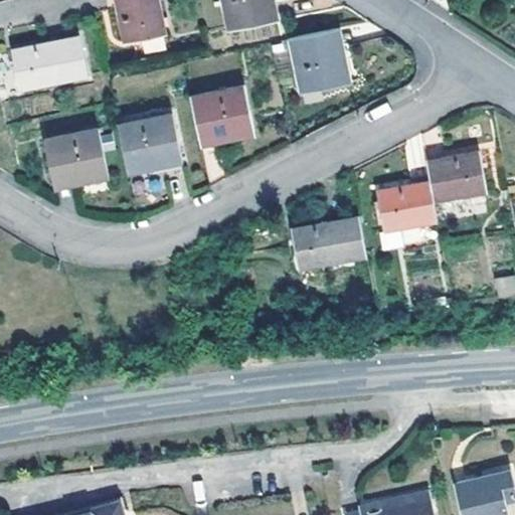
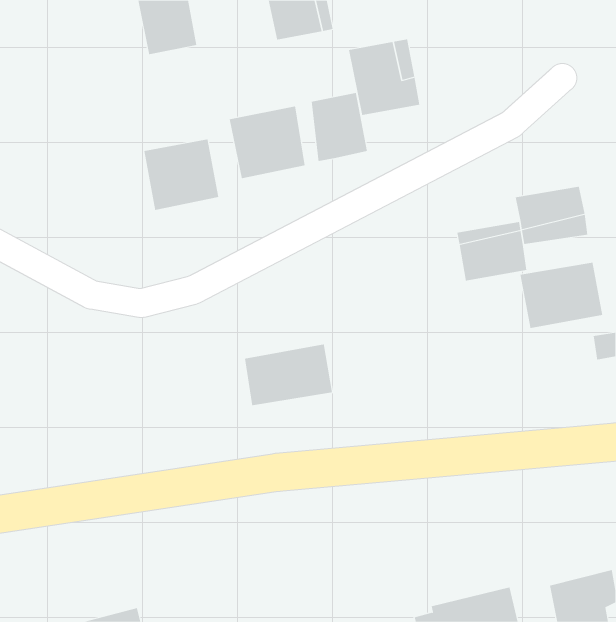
building: [12,38,89,91] -> none
building: none -> [311,92,368,162]
building: [44,130,107,189] -> none
building: none -> [520,262,603,329]
building: [291,218,364,270] -> [244,344,333,406]

